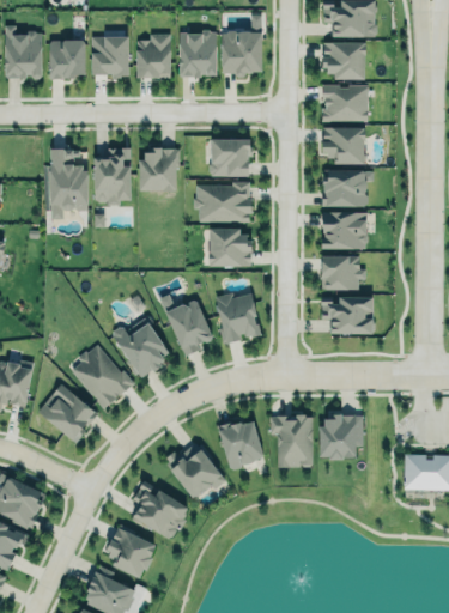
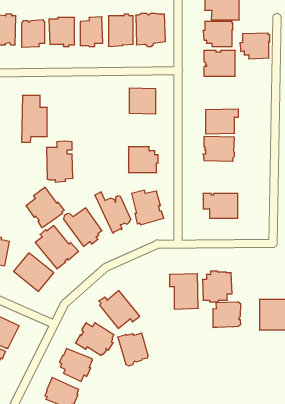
building: [321,127,365,165] -> [240,33,270,59]
building: [93,146,133,207] -> [46,141,73,182]
building: [139,148,178,192] -> none
building: [194,182,253,221] -> none
building: [322,256,364,289] -> none
building: none -> [26,187,64,228]
building: [218,420,263,469] -> [118,333,148,366]
building: none -> [213,302,240,328]

